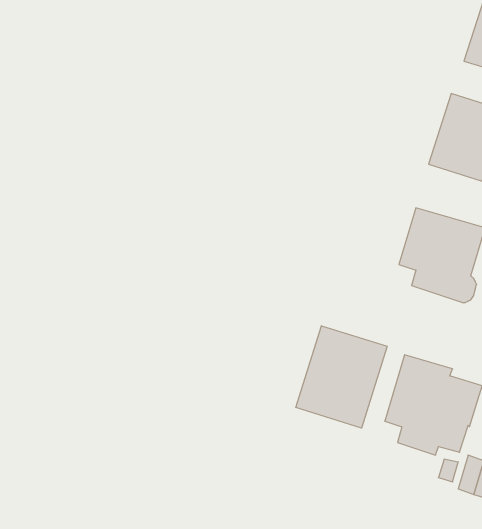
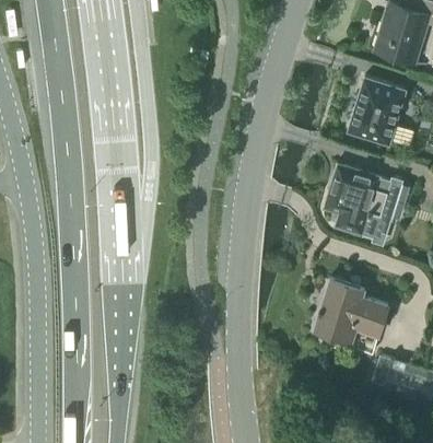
building: [296,326,387,428] -> none

